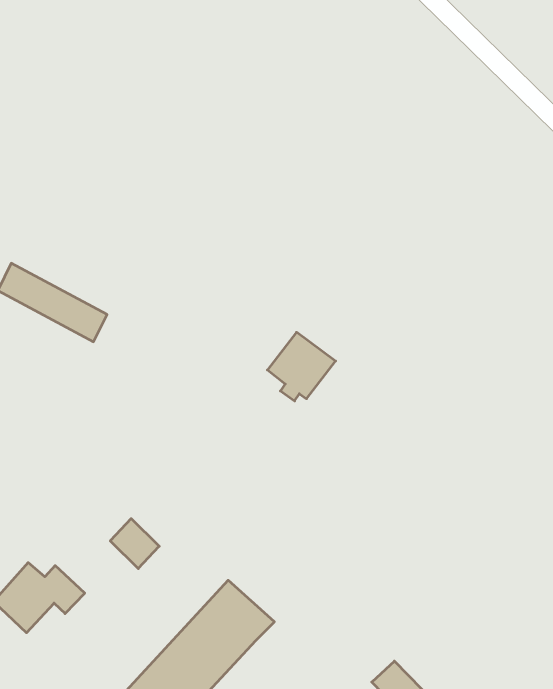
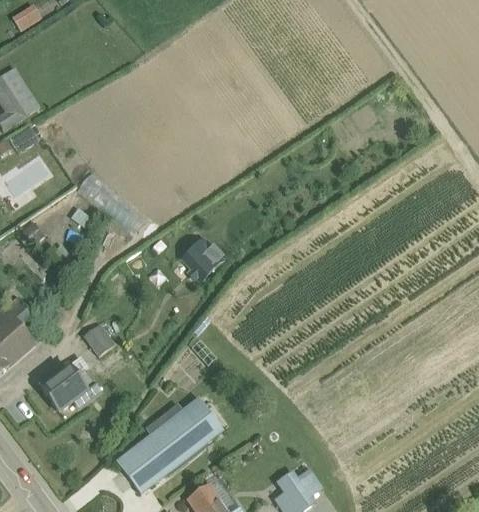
building: [267,332,336,401] -> [180,237,225,281]
building: [110,519,159,569] -> [84,323,115,356]

